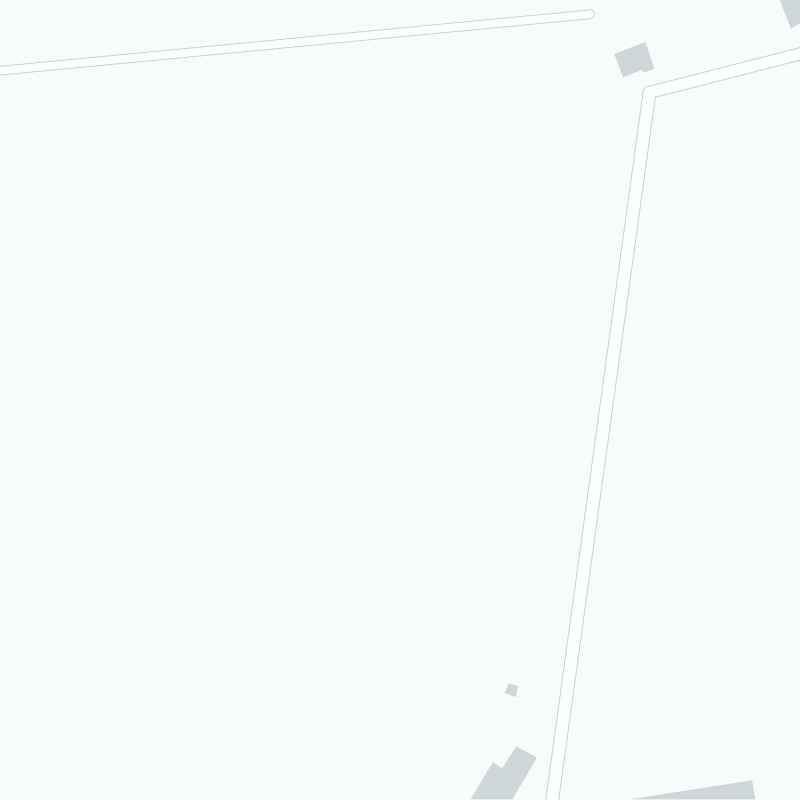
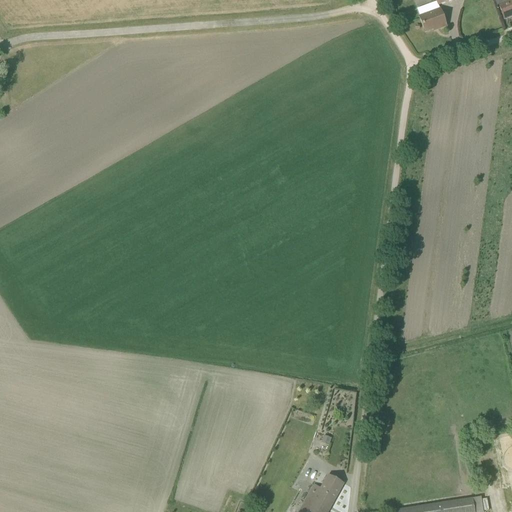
building: [613,41,656,79] -> [420,8,447,32]

